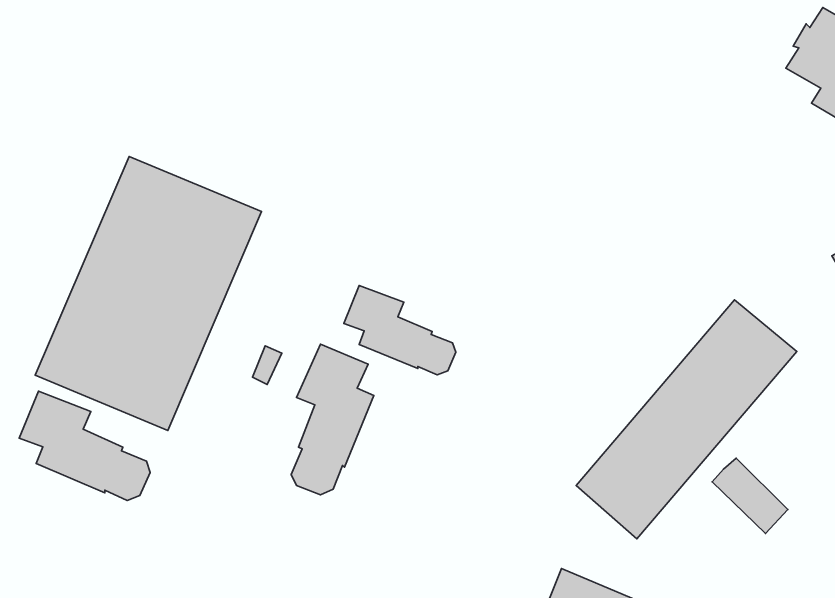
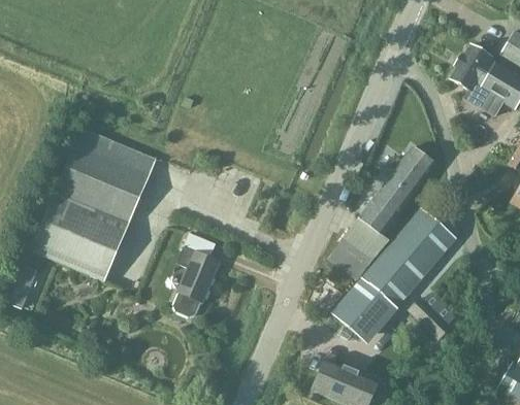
building: none -> [329,145,436,277]
building: [344,285,456,375] -> none
building: [19,391,150,500] -> none

